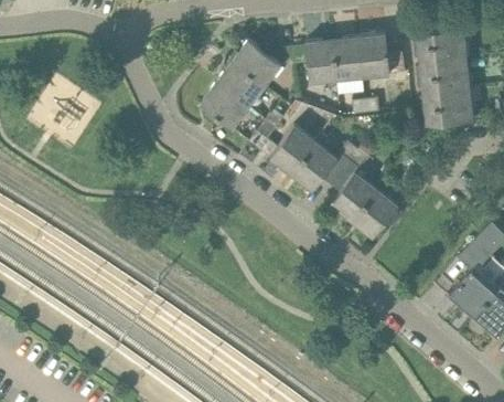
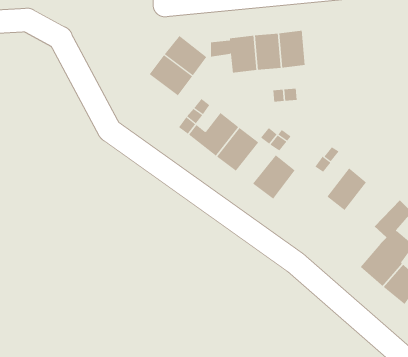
building: [414,27,473,125] -> none
building: [201,83,249,128] -> none
building: [354,189,398,236] -> [327,168,367,211]

